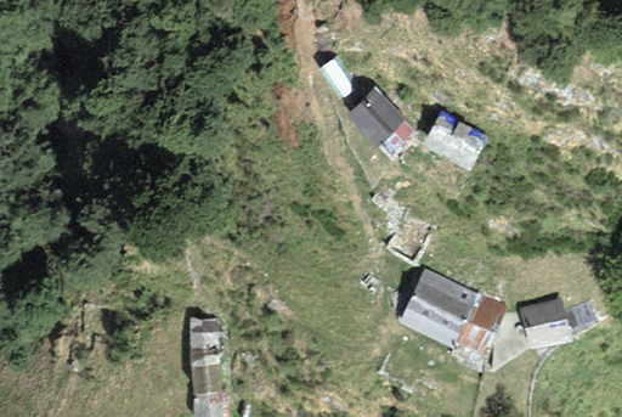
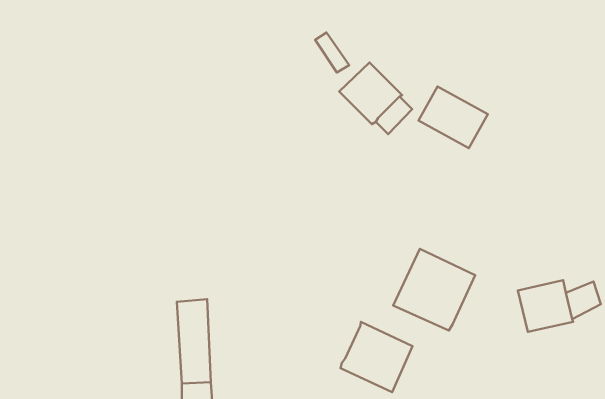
building: [454,293,507,355] -> none
building: none -> [341,322,412,392]

